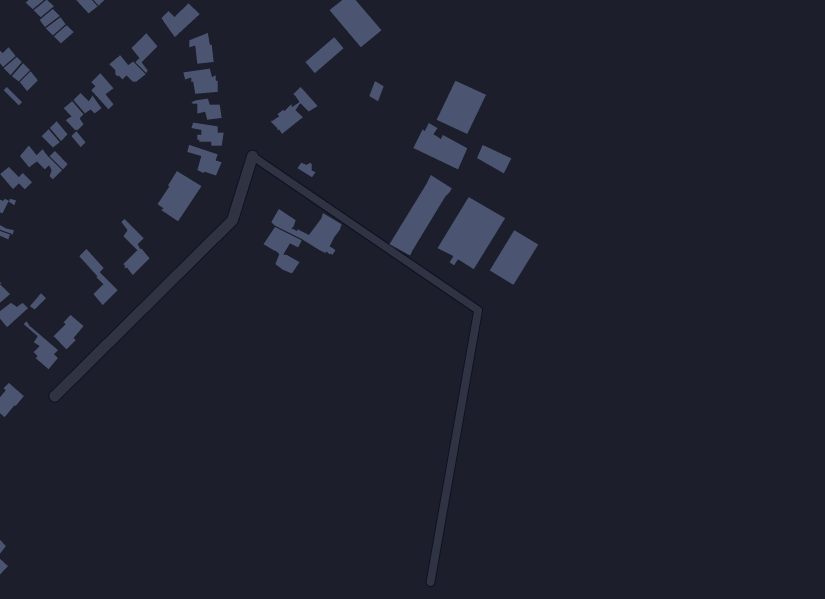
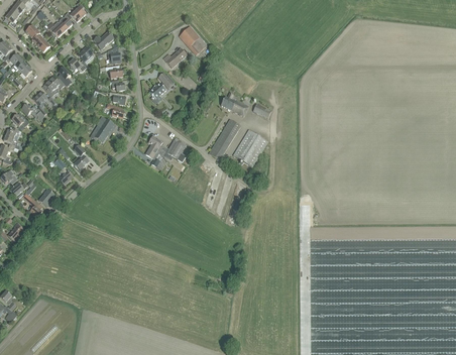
building: [436,80,487,135] -> none
building: [489,229,539,286] -> none

